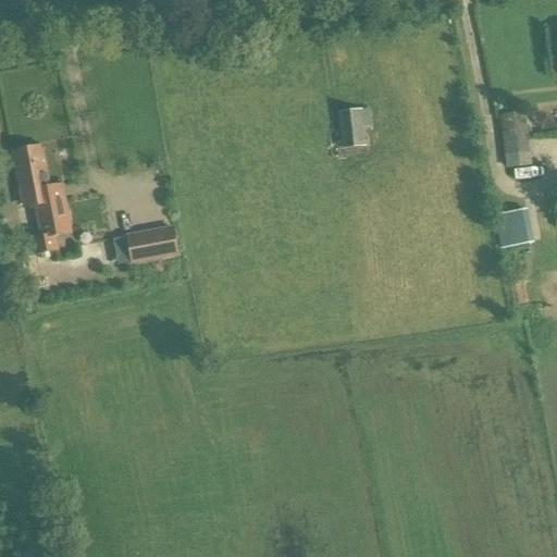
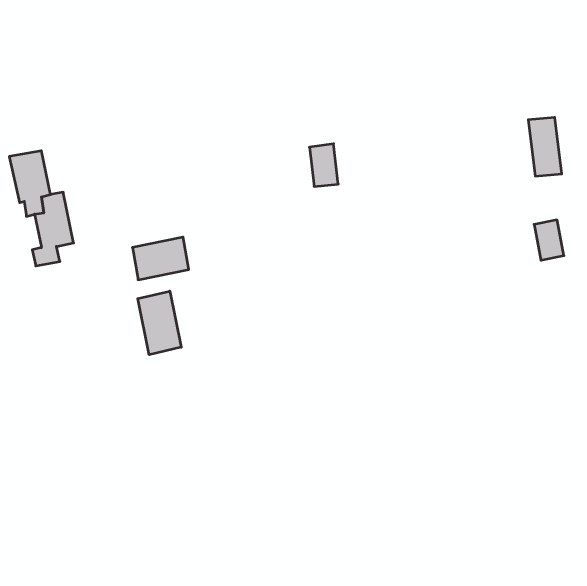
building: [338,108,366,148] -> [309,144,338,186]
building: none -> [138,291,181,355]

